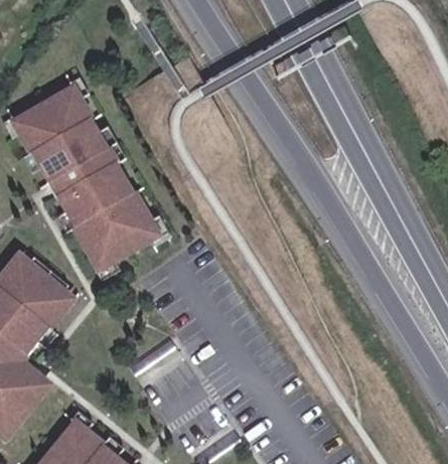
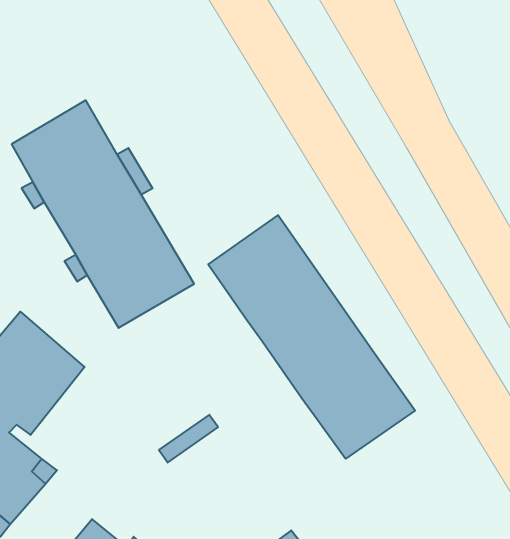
building: none -> [208,215,415,459]

